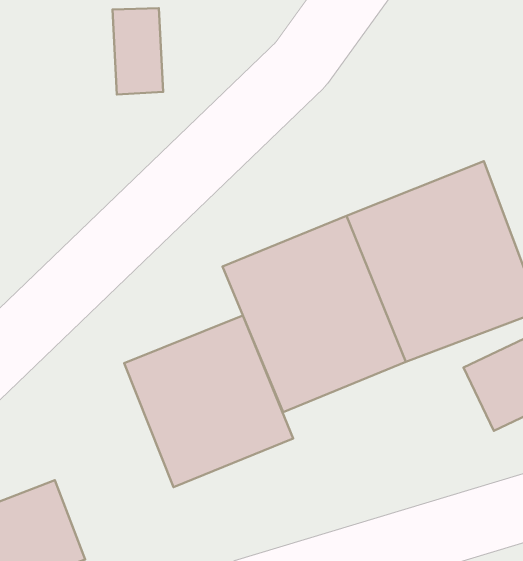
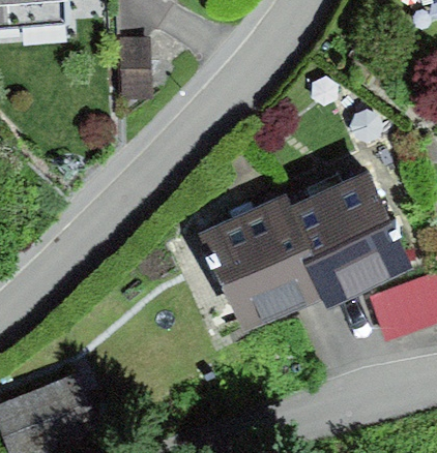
building: [124,315,293,487] -> none

